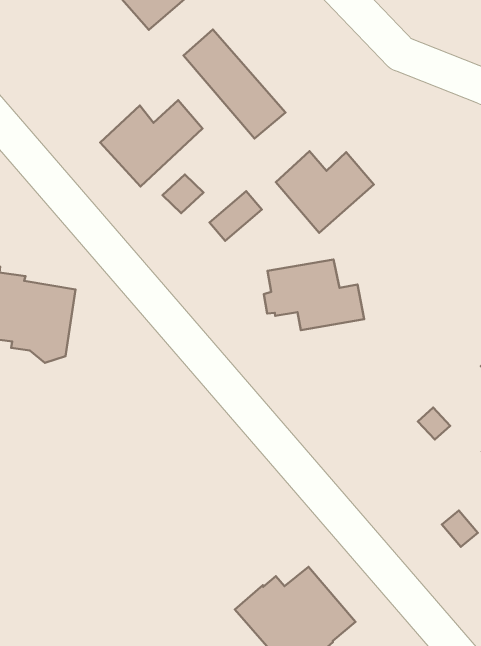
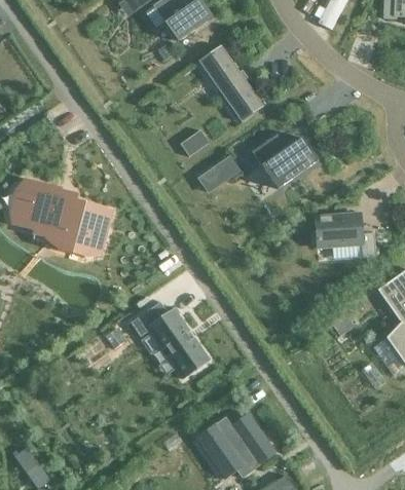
building: [100,100,202,186] -> none
building: [264,260,364,330] -> [310,213,376,258]
building: none -> [130,301,210,378]

